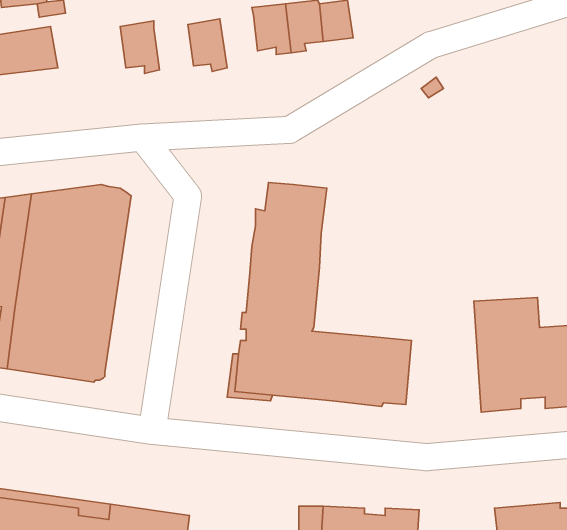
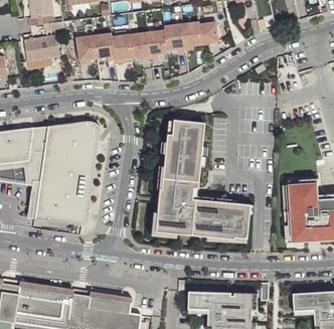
building: none -> [146,30,167,58]
building: none -> [111,35,132,63]
building: none -> [75,36,96,64]

